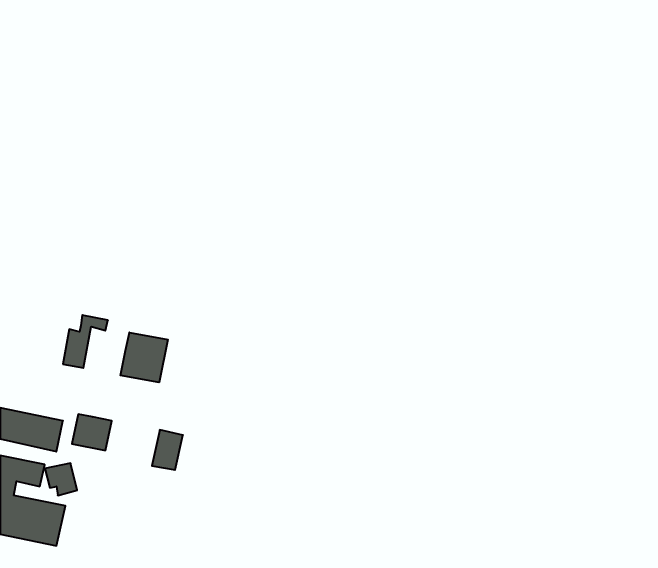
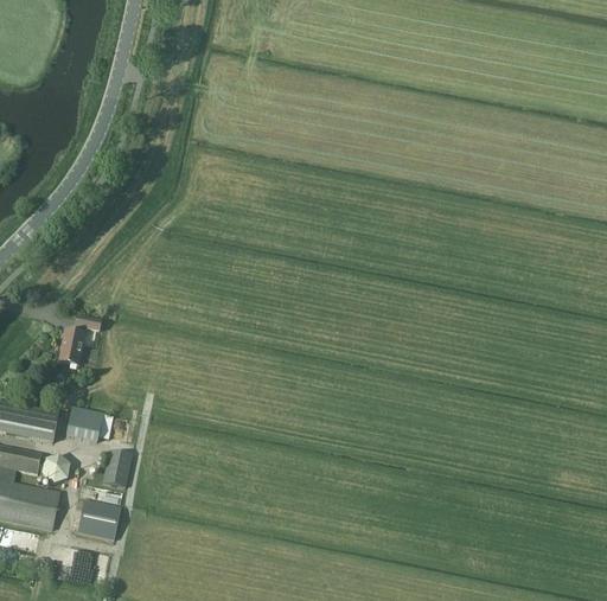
building: [120,332,168,382] -> none
building: [152,430,183,470] -> [103,449,132,486]
building: none -> [78,500,121,539]

